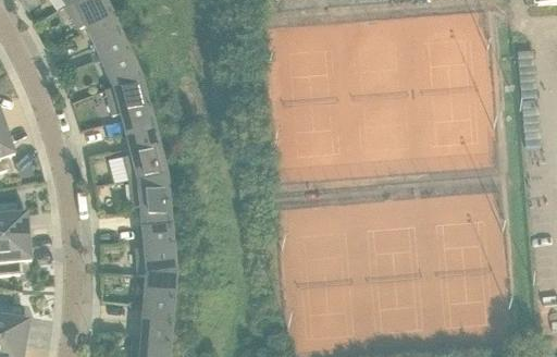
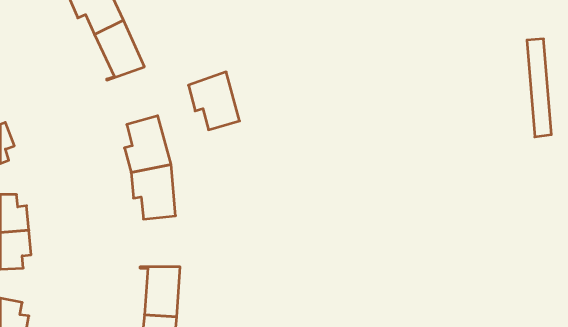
building: [104,75,154,132] -> [188,72,240,130]
building: [135,221,176,271] -> none

